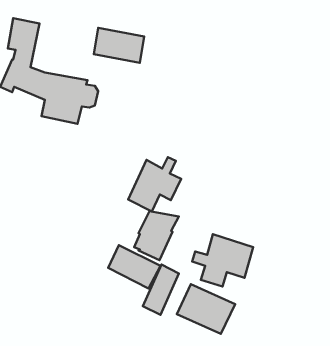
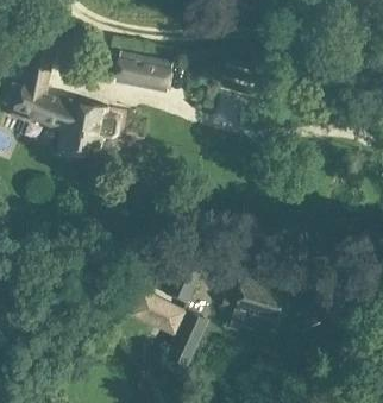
building: [128,157,181,212] -> none
building: [177,284,235,334] -> none

